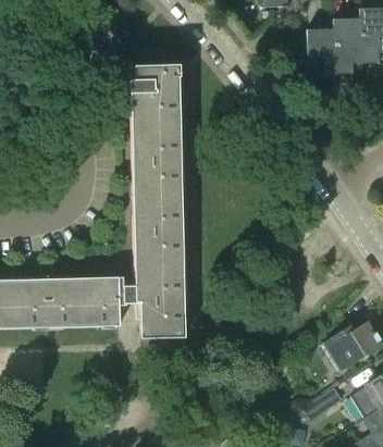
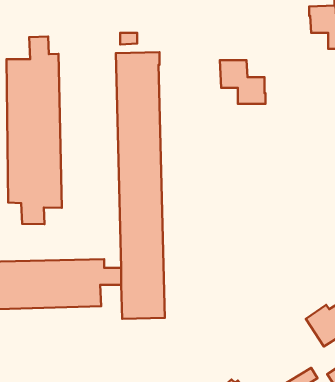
building: [306,28,353,73] -> [220,60,266,104]
building: none -> [6,37,62,224]

